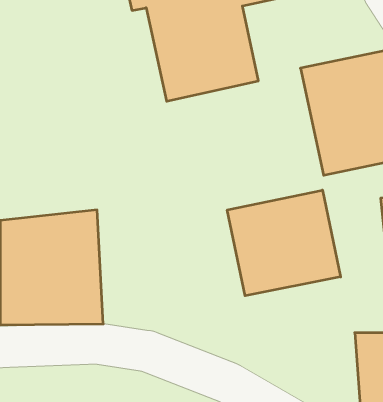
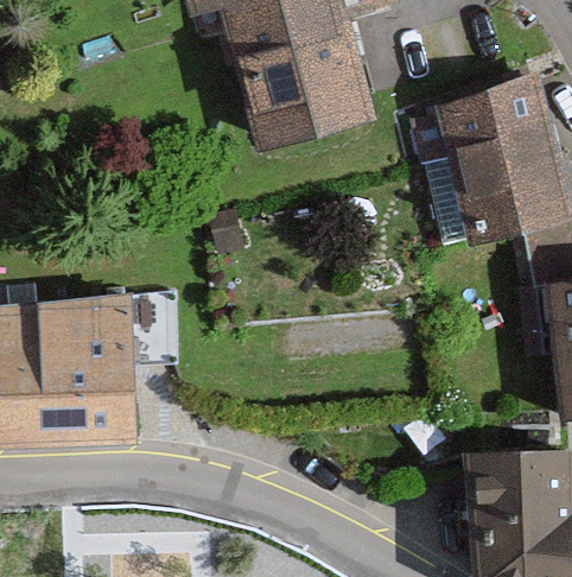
building: [227,190,341,296] -> none

